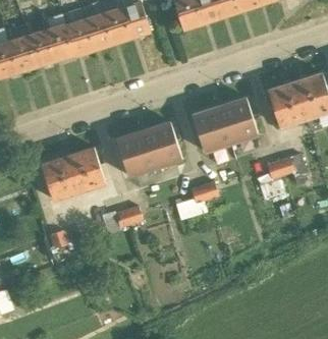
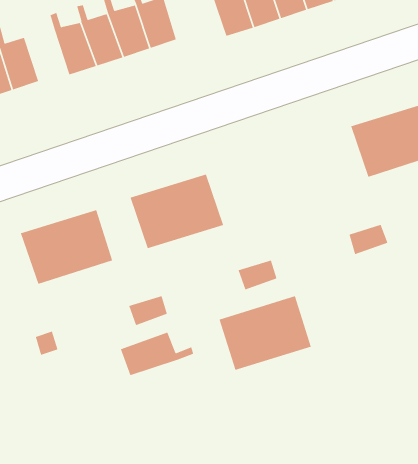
building: [41,17,73,60] -> none
building: [193,99,257,151] -> [219,295,312,371]
building: none -> [120,332,194,376]

